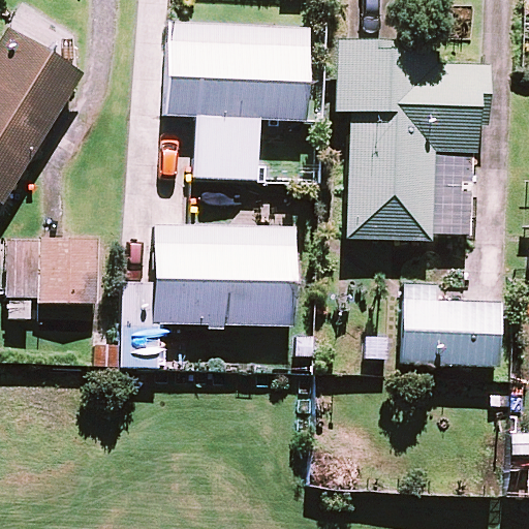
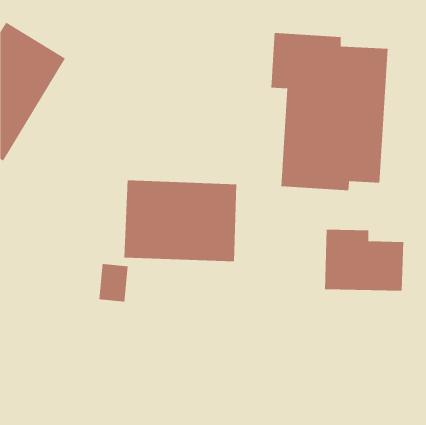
building: [166,24,309,179] -> none
building: [5,239,98,319] -> none

